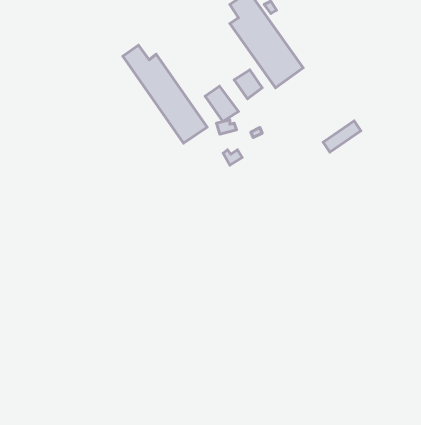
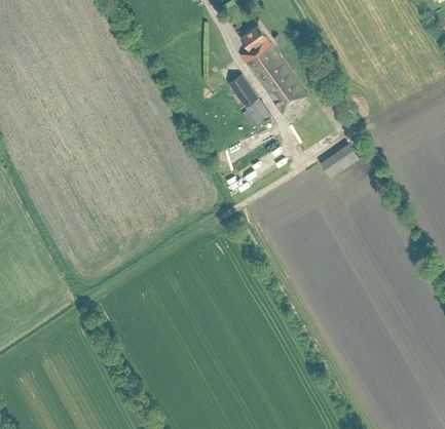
building: [123,45,207,143] -> none
building: [205,86,238,122] -> [227,73,258,106]

